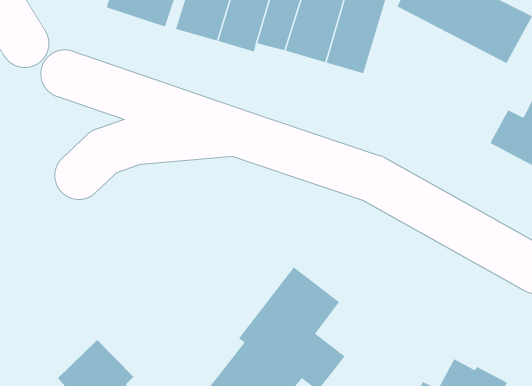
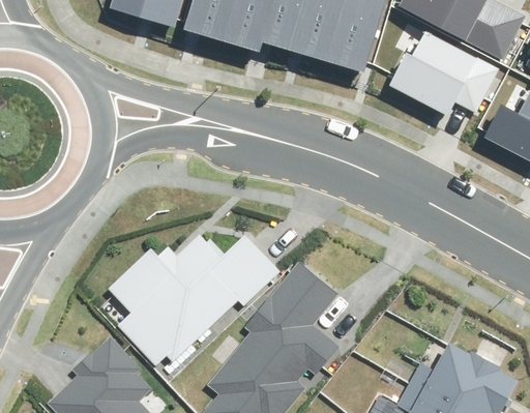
building: none -> [389,34,497,118]
building: none -> [115,229,283,361]

